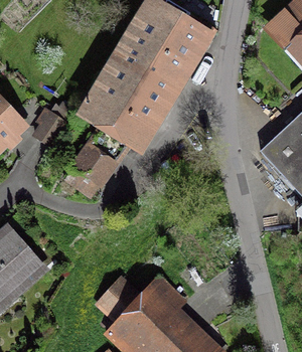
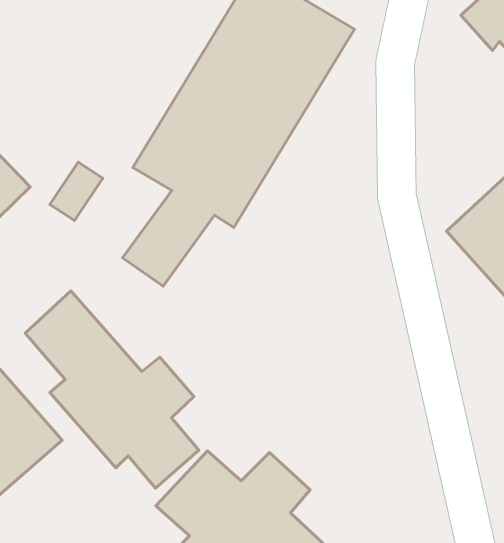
building: none -> [25,291,199,488]

